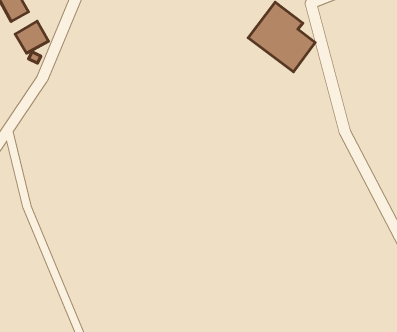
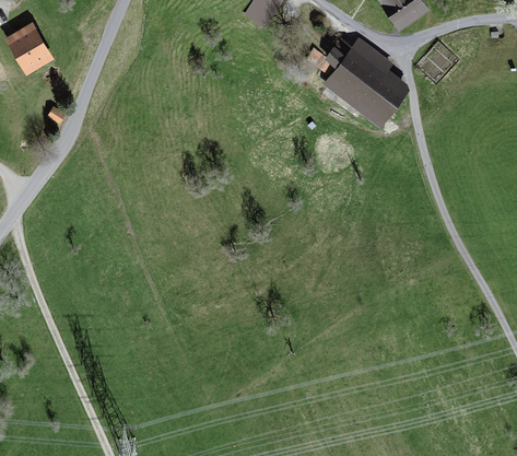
building: [15,21,49,53] -> none

